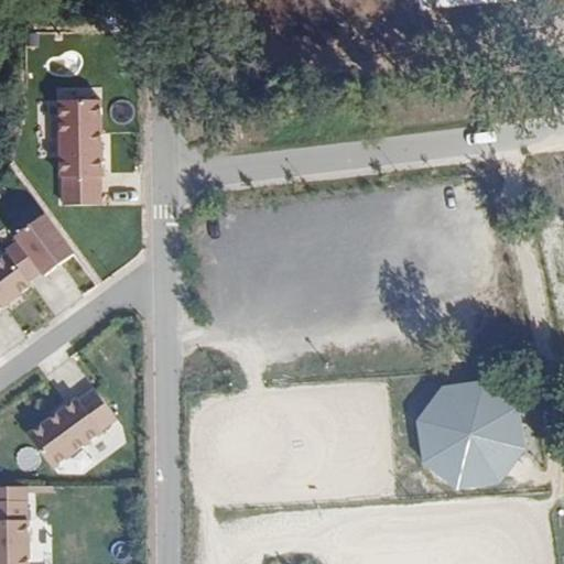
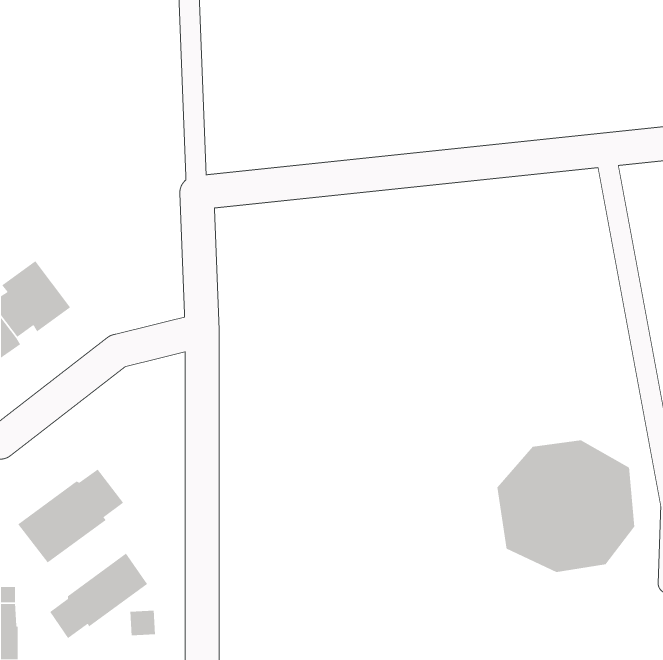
building: [54,102,95,207] -> none
building: none -> [49,553,148,639]

